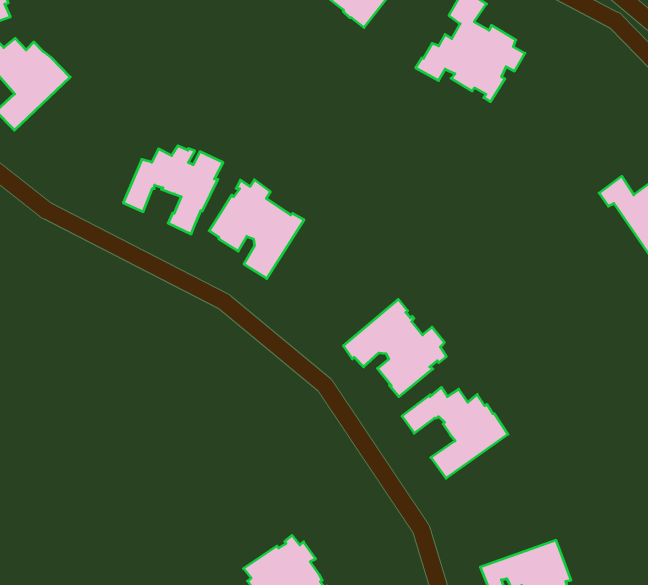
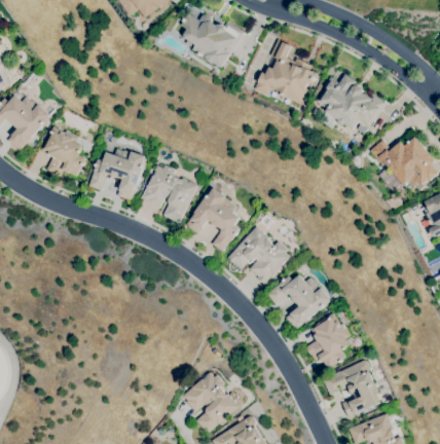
building: none -> [317,74,384,130]
building: none -> [42,126,85,176]
building: none -> [186,188,241,252]
building: none -> [306,312,351,370]

